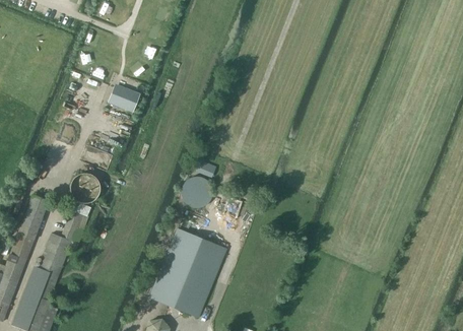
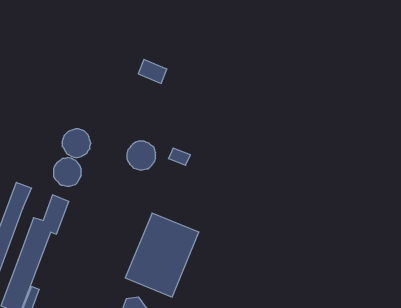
building: [108,86,138,112] -> [138,59,167,83]
building: [177,178,207,208] -> [127,141,156,170]

